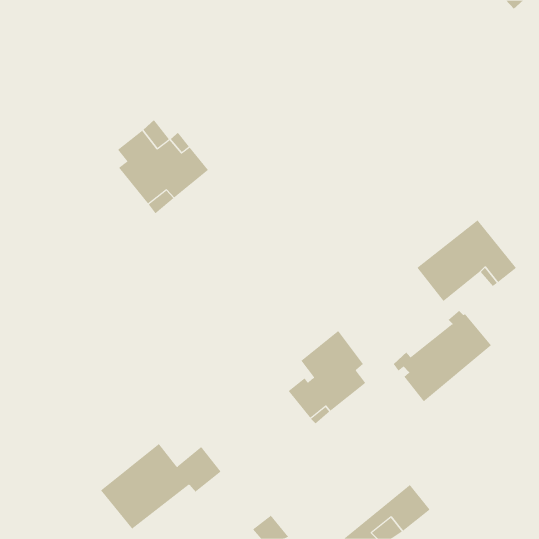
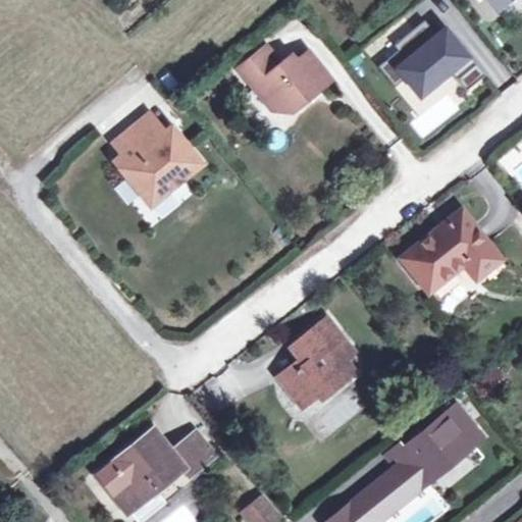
building: none -> [378,20,485,94]
building: none -> [239,48,330,112]
building: [393,310,492,402] -> [386,404,482,492]

